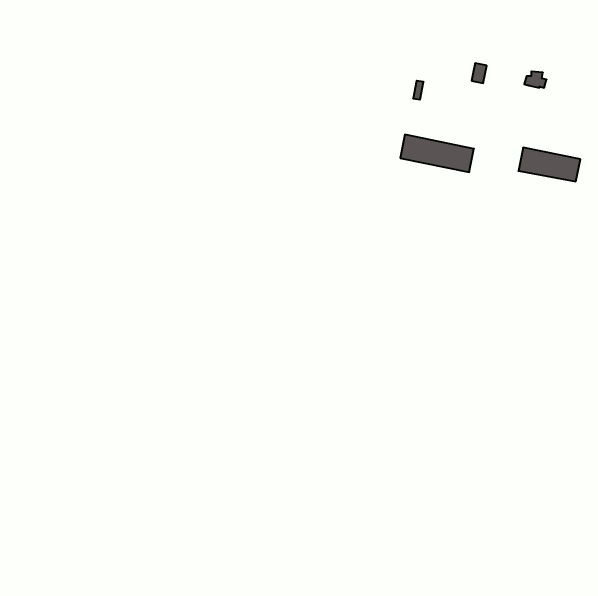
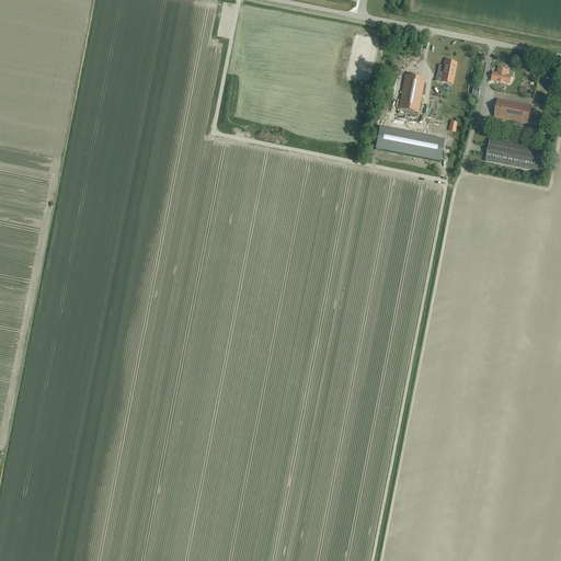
building: none -> [399,73,424,111]
building: none -> [494,98,531,123]

